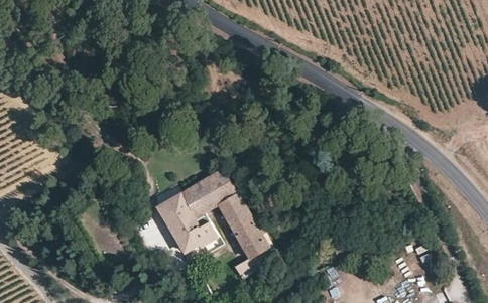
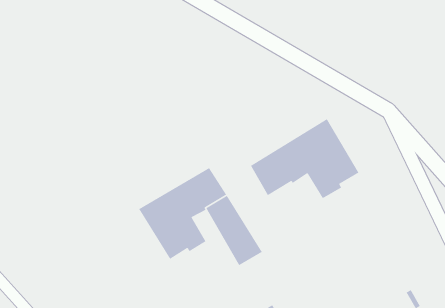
building: none -> [250,118,359,199]

